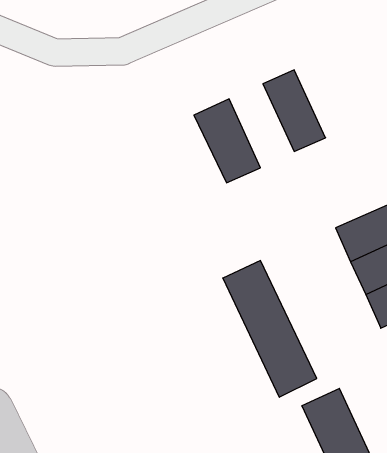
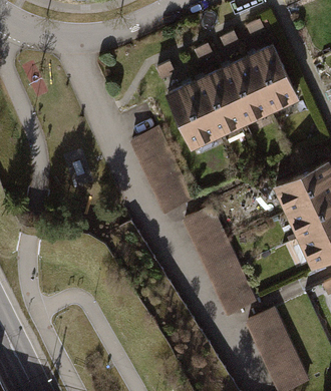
building: none -> [242,44,295,111]
building: none -> [190,68,242,135]
building: none -> [131,131,195,218]

